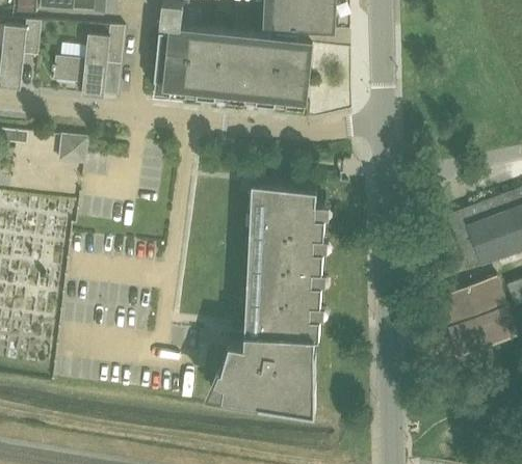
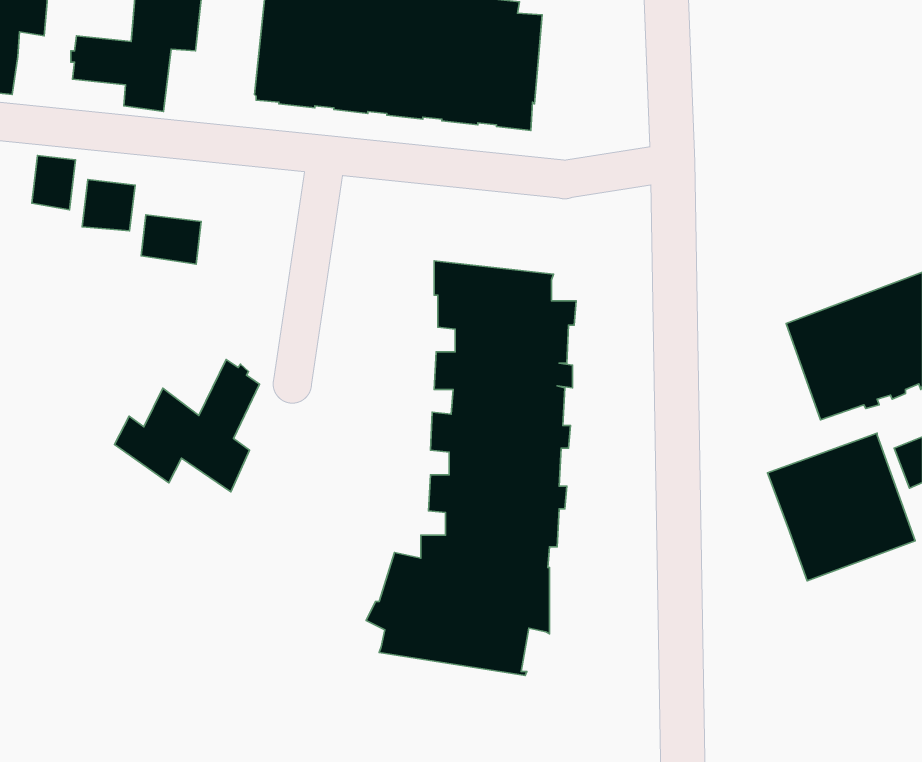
building: none -> [32,155,75,210]
building: none -> [141,215,201,264]
building: none -> [114,360,260,492]

